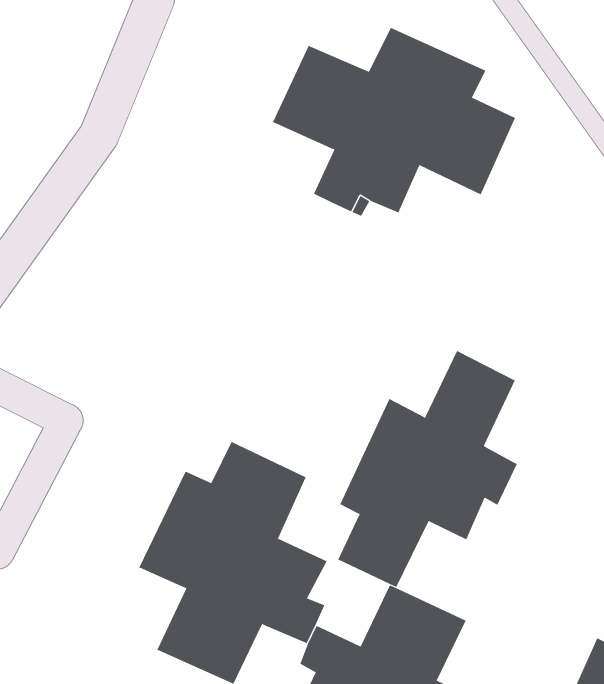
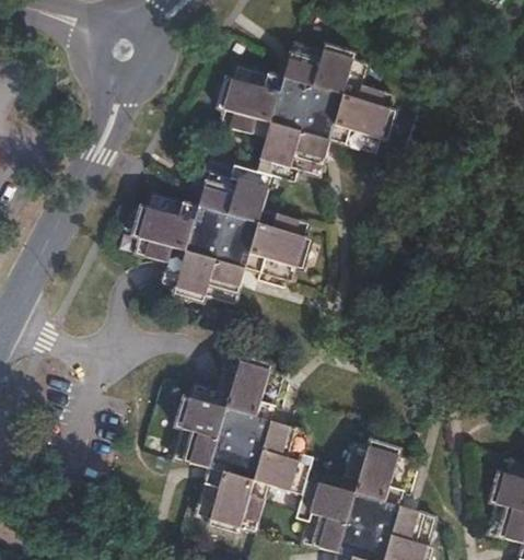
building: none -> [135,166,310,304]
building: [338,350,518,588] -> none

